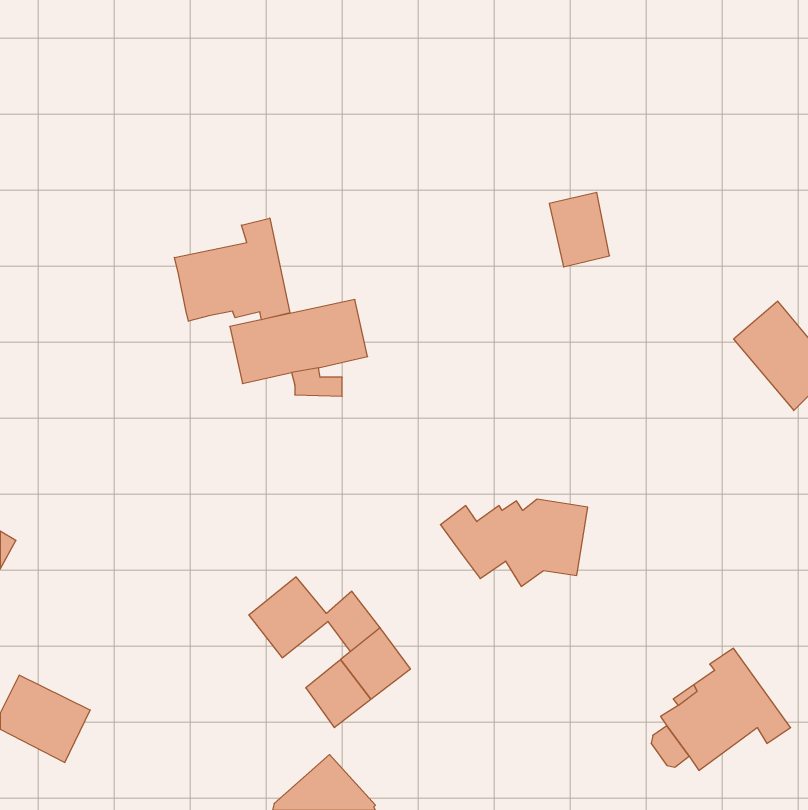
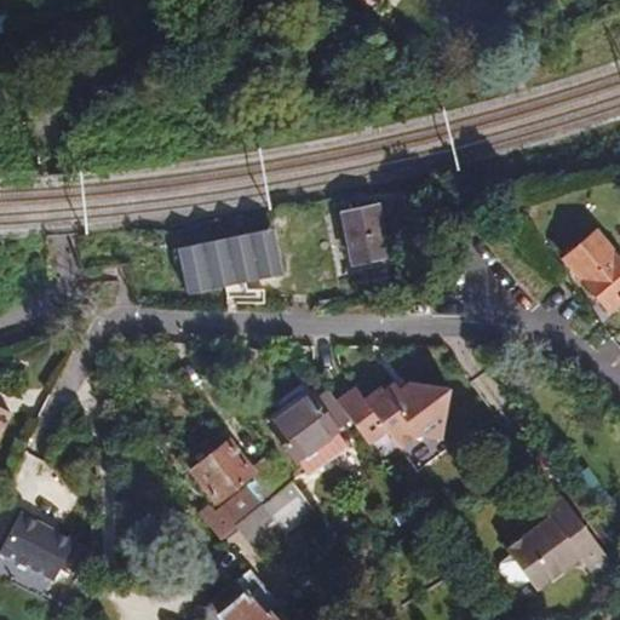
building: [549,192,610,267] -> [341,206,388,263]
building: [174,218,290,321] -> none
building: none -> [269,383,354,475]
building: none -> [201,488,260,538]

